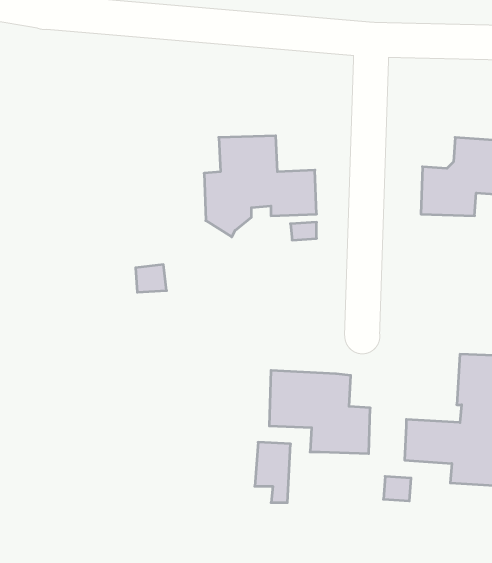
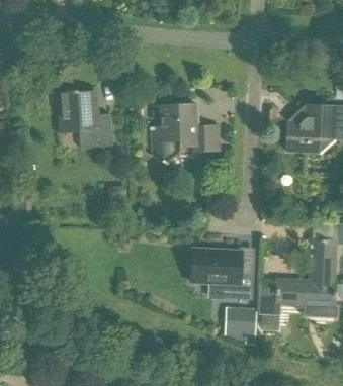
building: none -> [56,89,111,148]
building: [255,442,291,503] -> [235,306,257,344]

